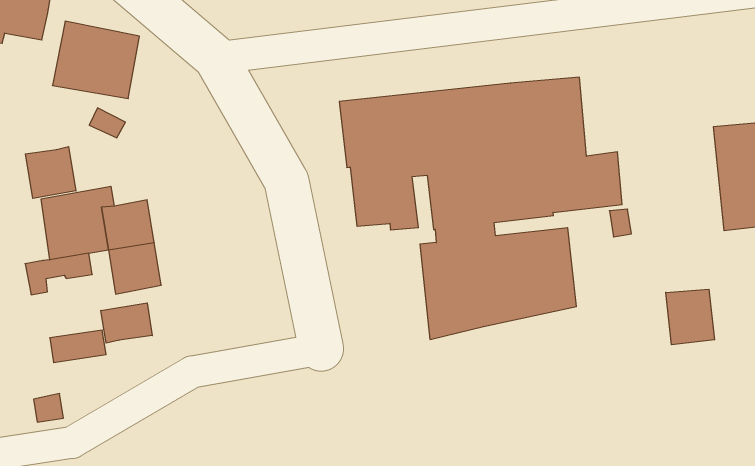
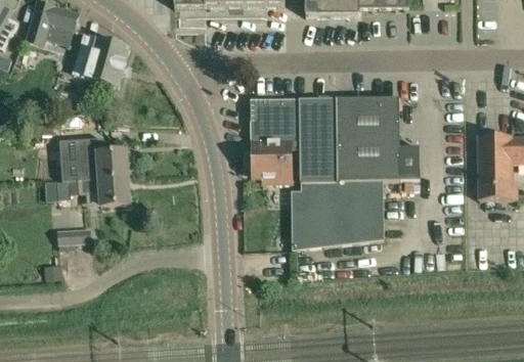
building: [25,147,76,198] -> none
building: [666,289,715,345] -> none
building: [101,303,152,343] -> none

